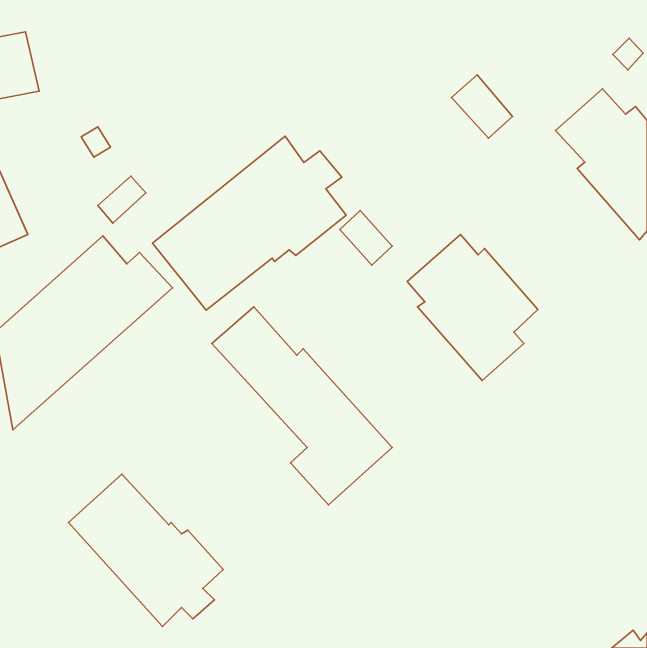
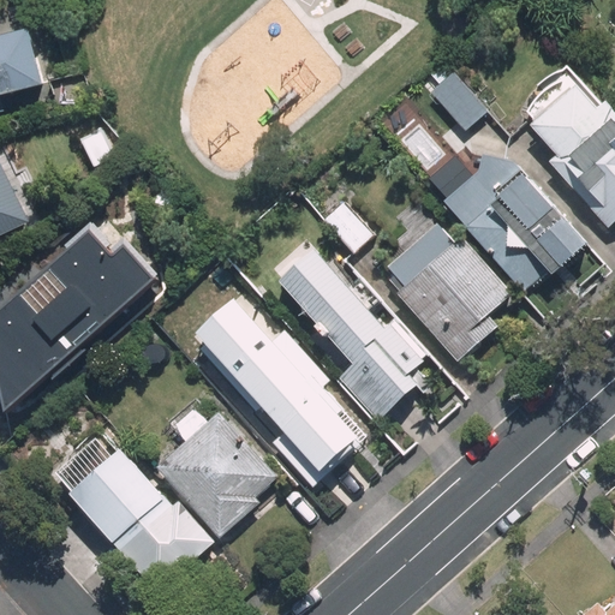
building: [152,136,346,310] -> none
building: none -> [443,154,585,291]
building: none -> [273,246,422,420]
building: none -> [154,408,276,536]

